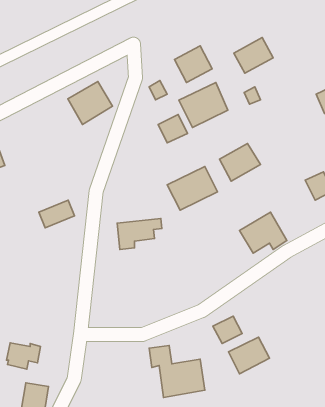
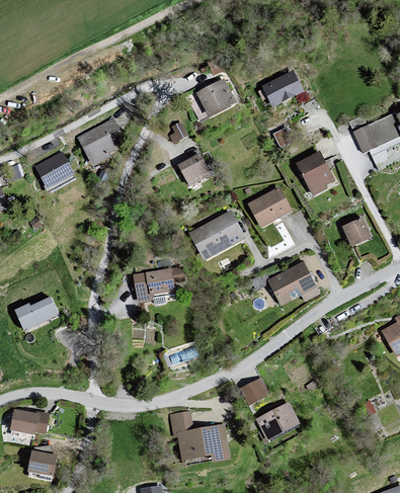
building: [179,83,228,127] -> none
building: none -> [32,148,73,186]
building: none -> [295,150,336,194]
building: [39,200,74,228] -> [16,295,56,325]

